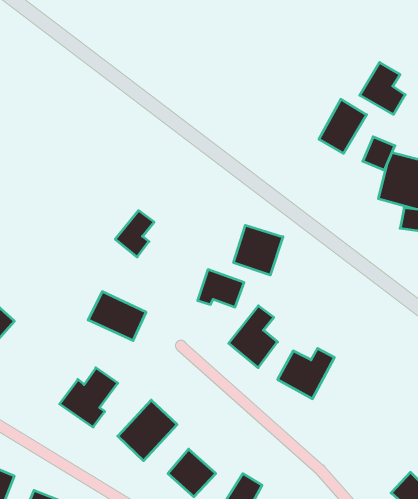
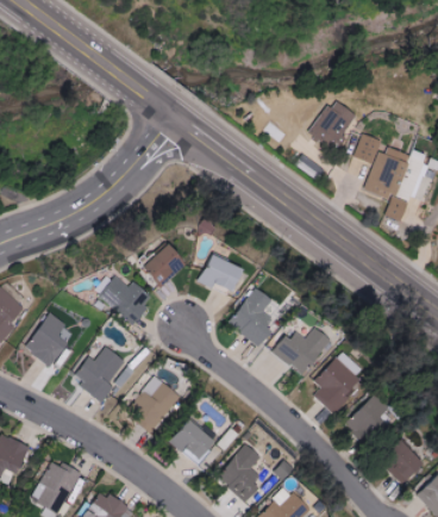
building: [360,62,405,114] -> none
building: [115,211,154,257] -> [143,242,179,285]
building: [234,225,283,275] -> none
building: none -> [24,312,68,367]
building: none -> [312,351,361,415]
building: none -> [345,393,387,444]

